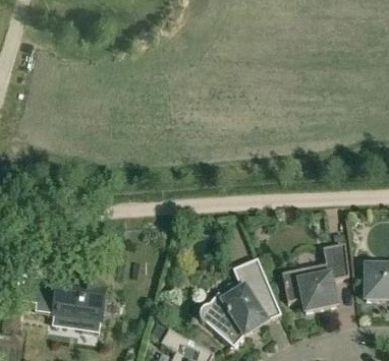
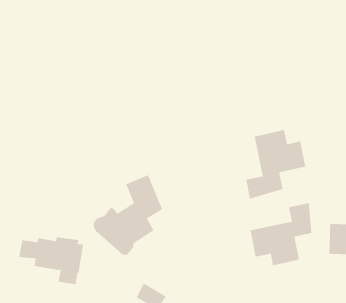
building: none -> [246,129,306,200]
building: [199,261,273,347] -> [93,174,163,255]

